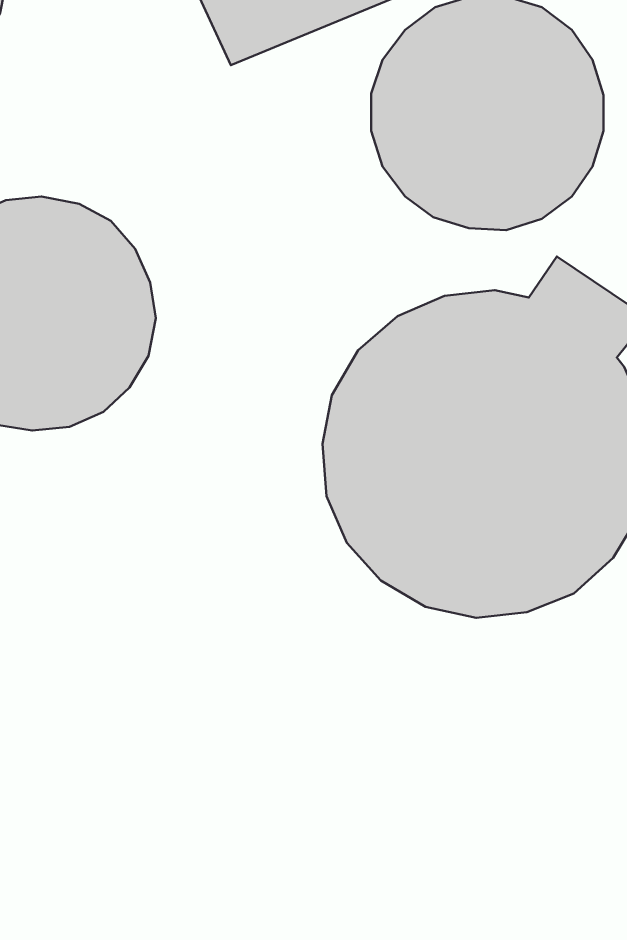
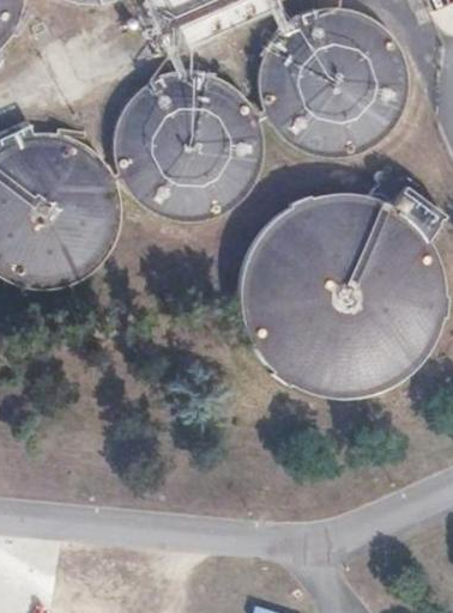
building: none -> [114,71,265,220]

